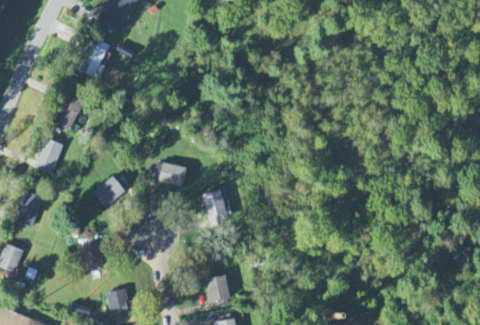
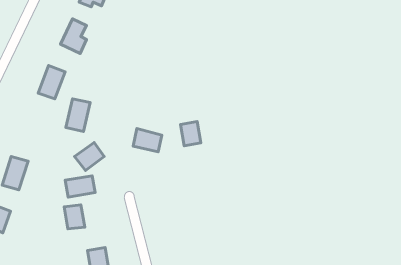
building: [35,138,61,173] -> [66,99,90,131]
building: [203,190,225,216] -> [180,122,201,146]
building: none -> [65,176,95,197]
building: [207,275,229,302] -> none

